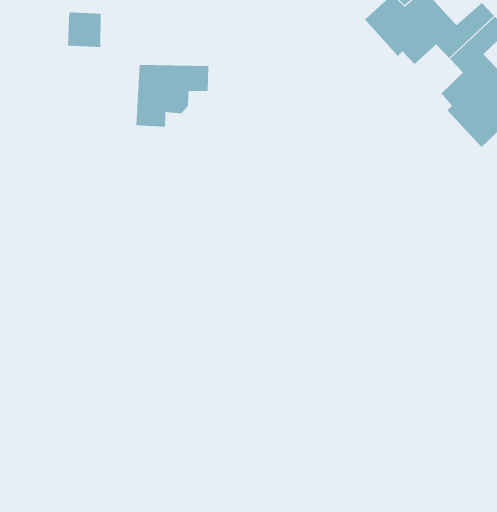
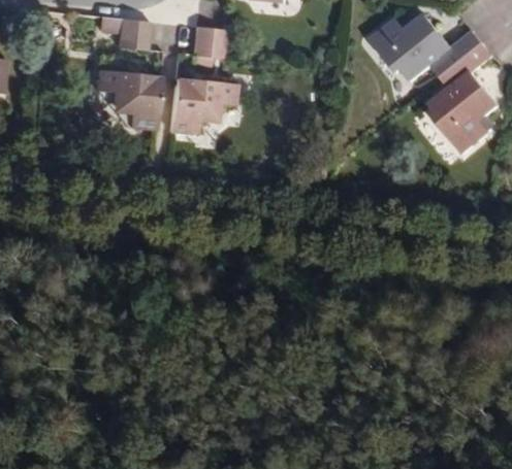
building: none -> [193,28,225,59]
building: none -> [97,60,162,119]

